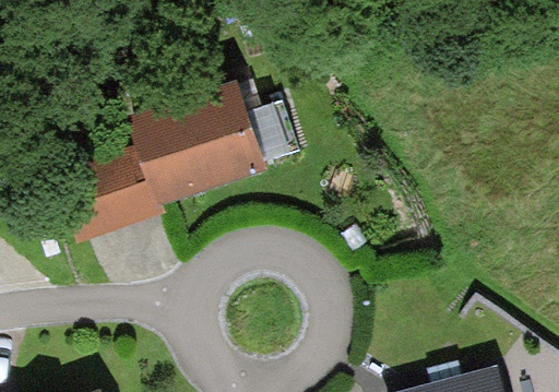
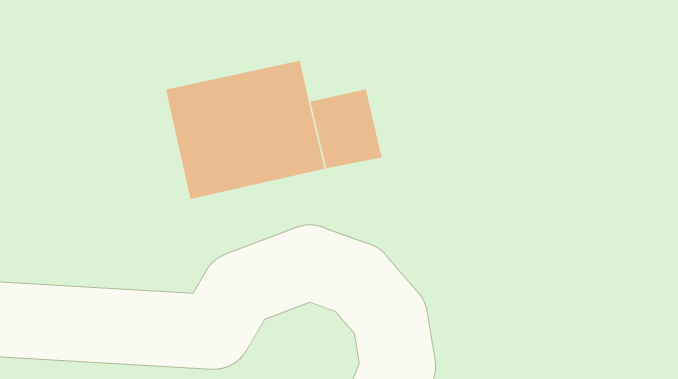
building: [73,151,164,233] -> none

